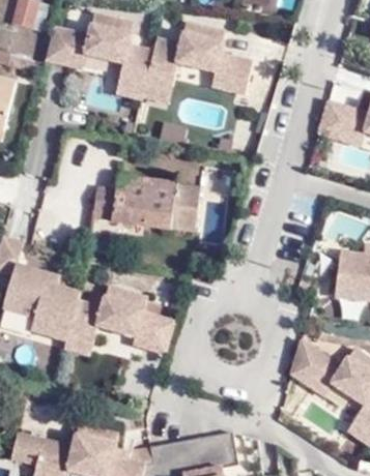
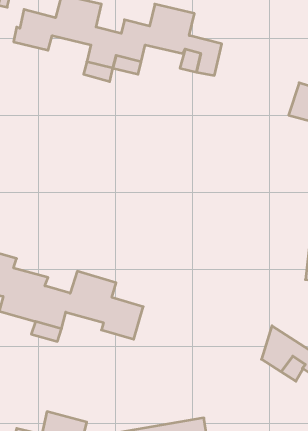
building: [90,176,209,232] -> none

